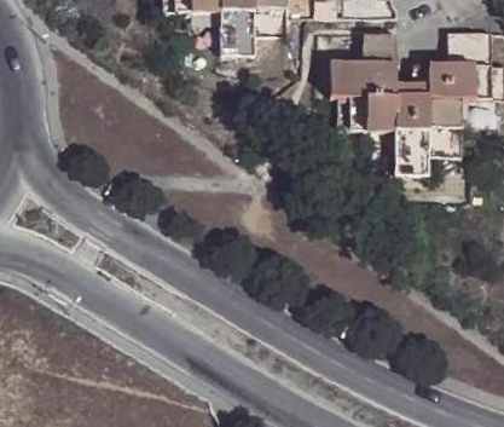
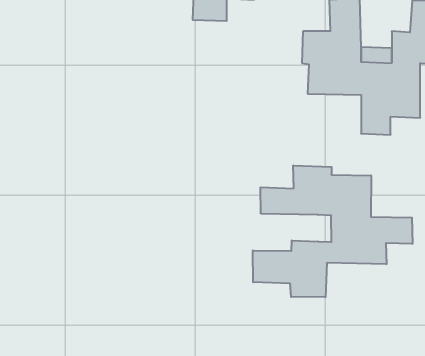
building: none -> [253,165,412,297]

